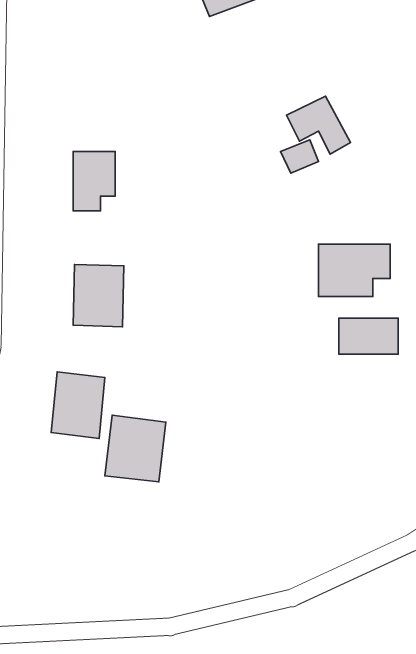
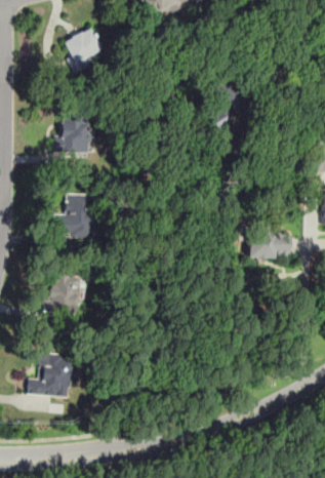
building: none -> [60,28,107,73]
building: [319,244,390,296] -> none
building: [105,415,166,482] -> [34,353,77,400]

